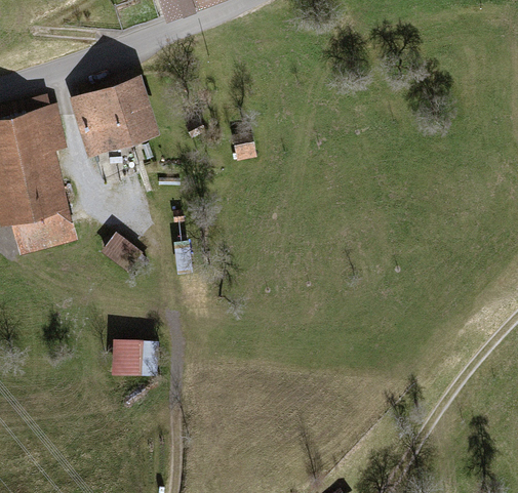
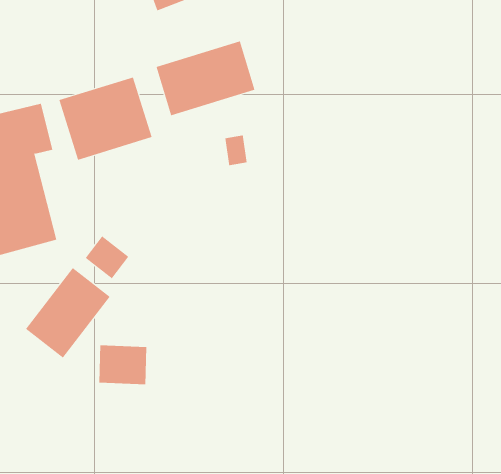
building: none -> [156,41,255,116]
building: none -> [25,267,110,359]

